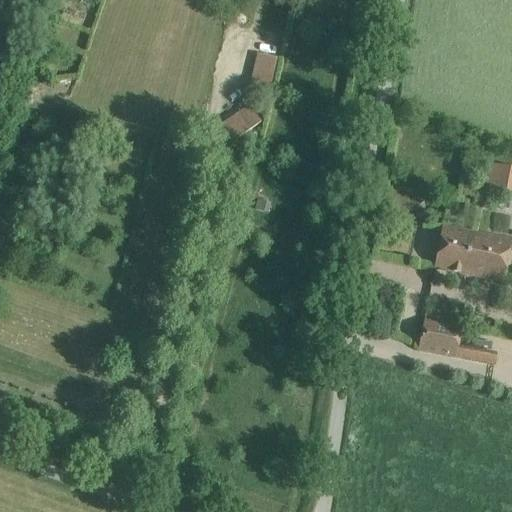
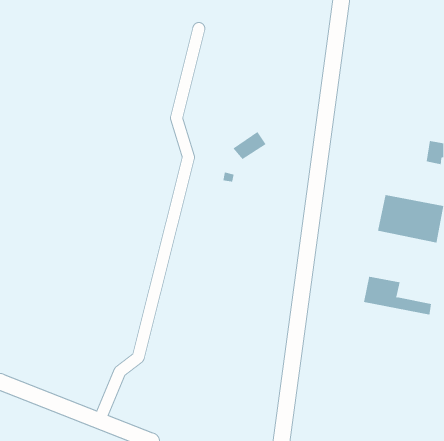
building: [249,52,277,89] -> none
building: [221,105,260,138] -> [232,131,266,160]

